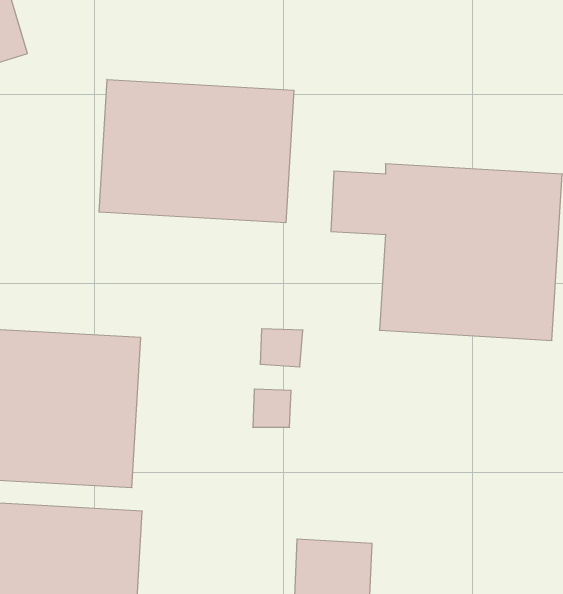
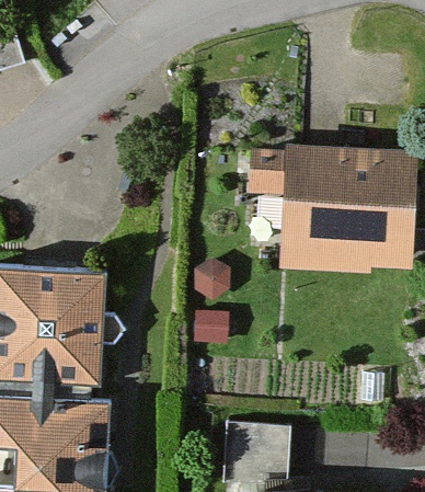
building: [99,79,294,223] -> none

